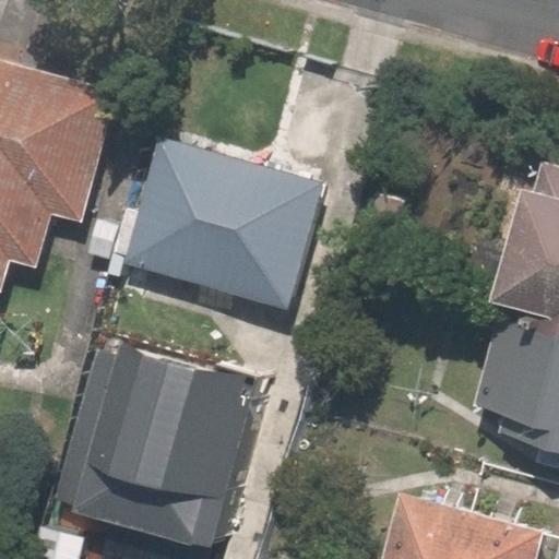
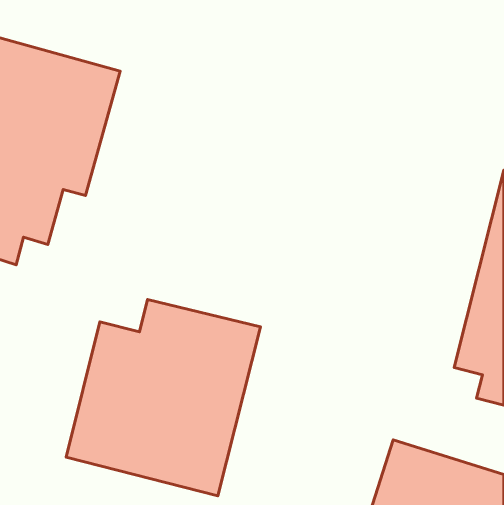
building: [120,143,334,312] -> none

